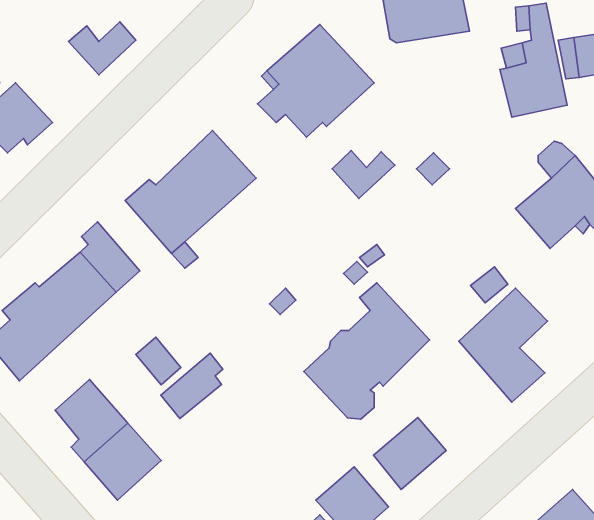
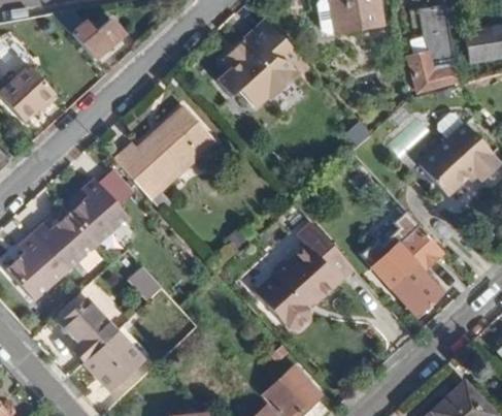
building: [332,150,395,198] -> none
building: [161,353,223,418] -> none
building: [373,418,446,489] -> none

